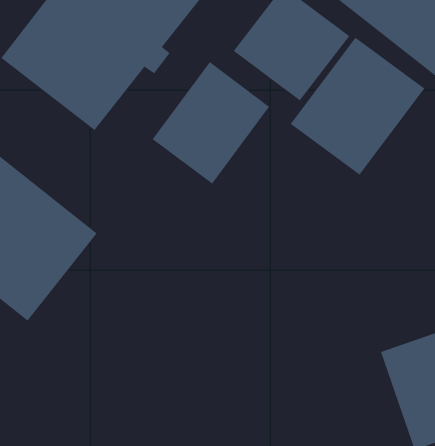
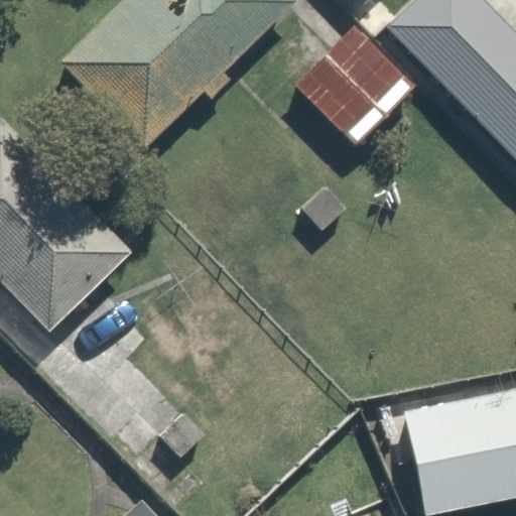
building: [290,37,425,176] -> none
building: [152,61,270,185] -> none

